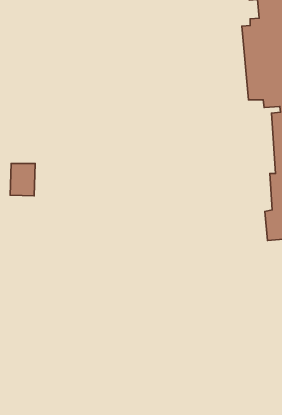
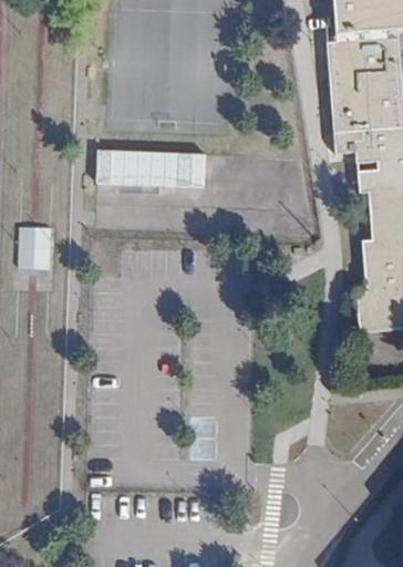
building: none -> [96,150,207,189]

